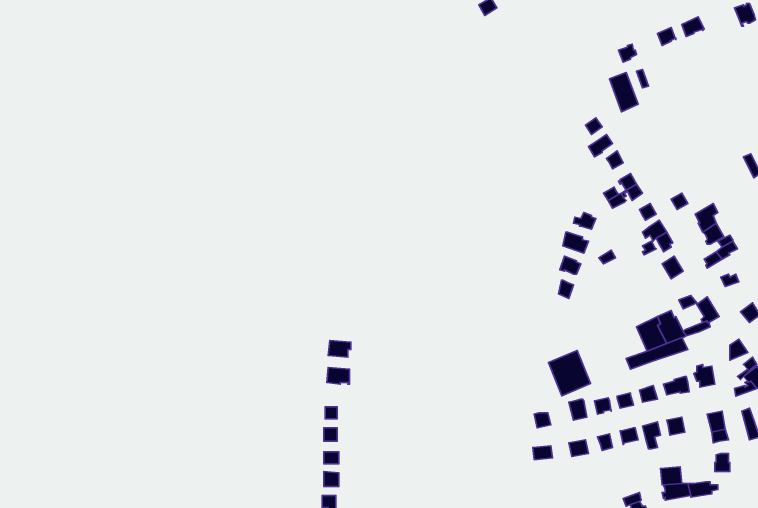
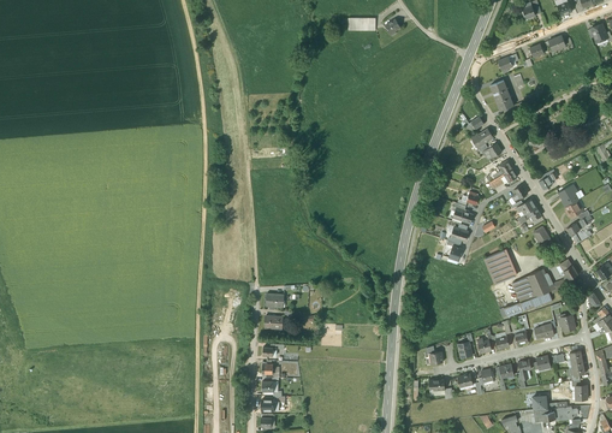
building: [548,351,591,396] -> [483,249,517,285]

